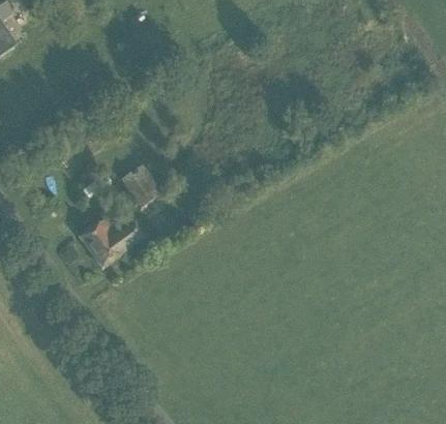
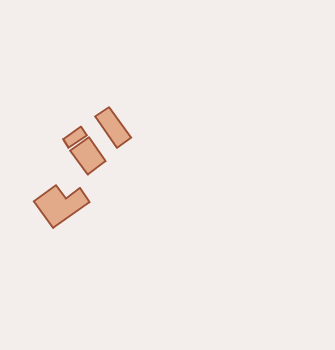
building: none -> [95,107,131,148]

